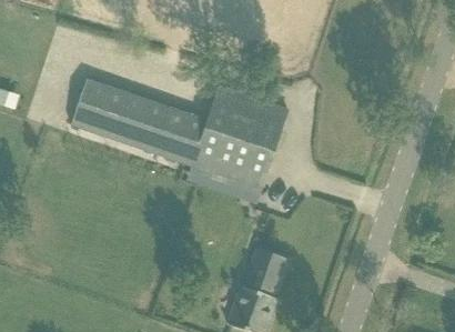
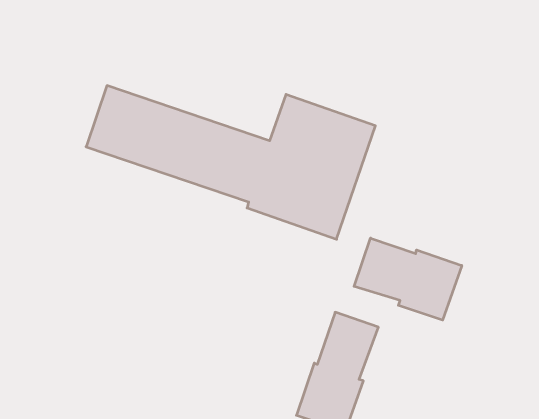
building: none -> [354,238,462,320]

